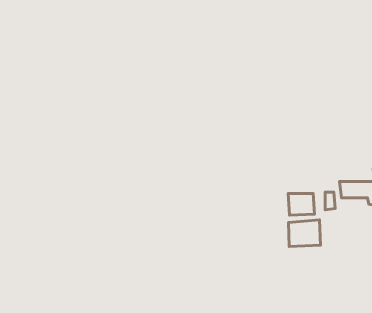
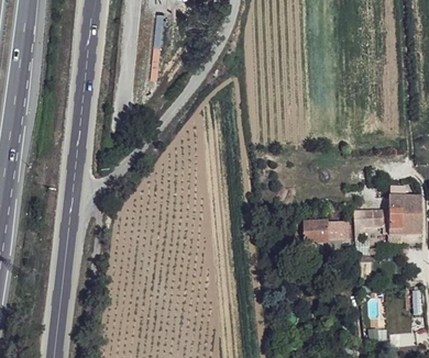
building: [288,220,321,246] -> none

